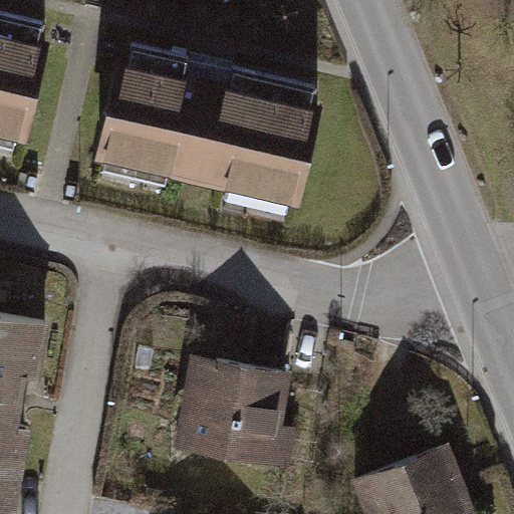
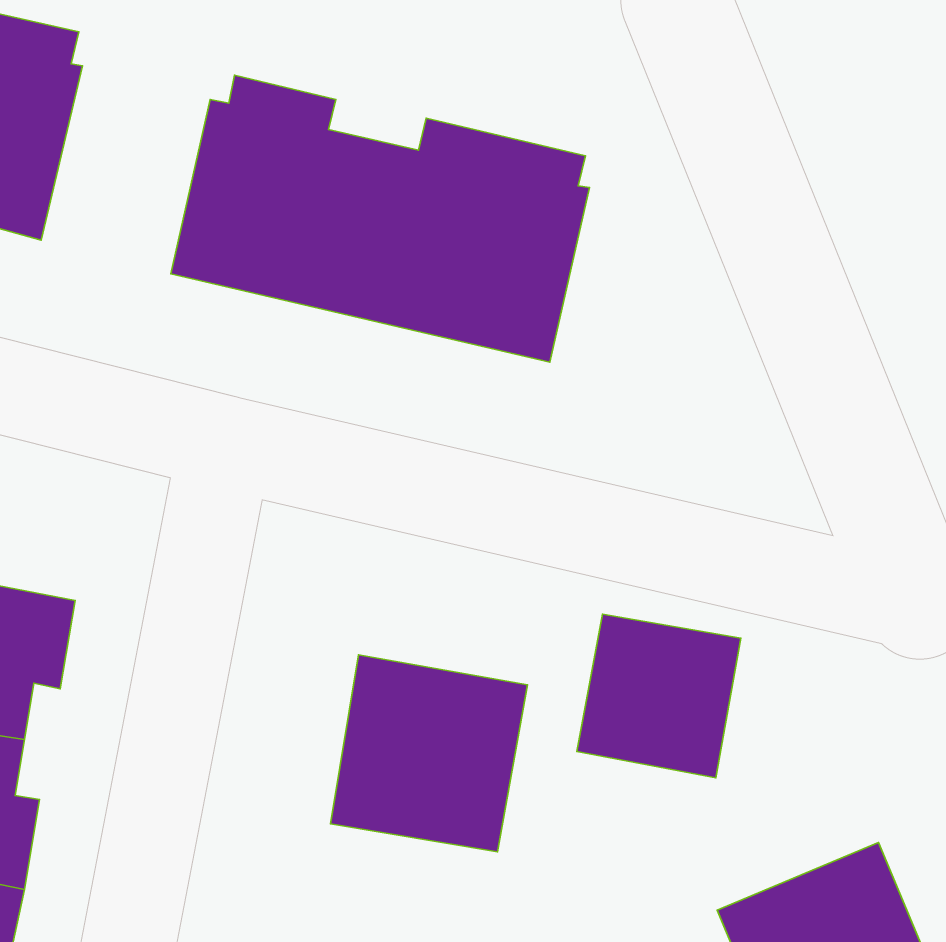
building: none -> [577,614,741,778]

